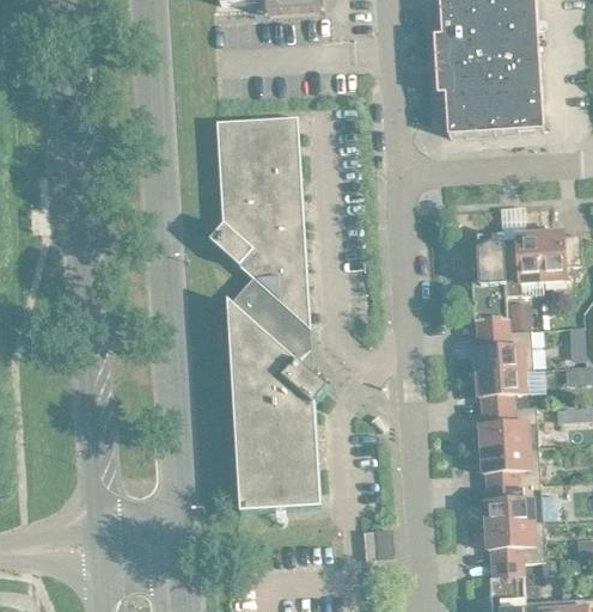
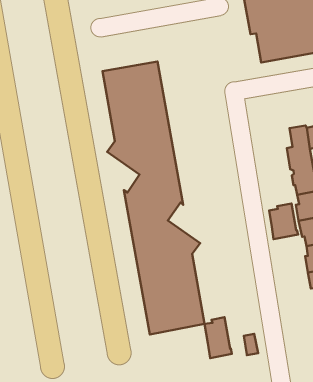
building: none -> [269,203,298,239]
building: none -> [205,317,232,358]

